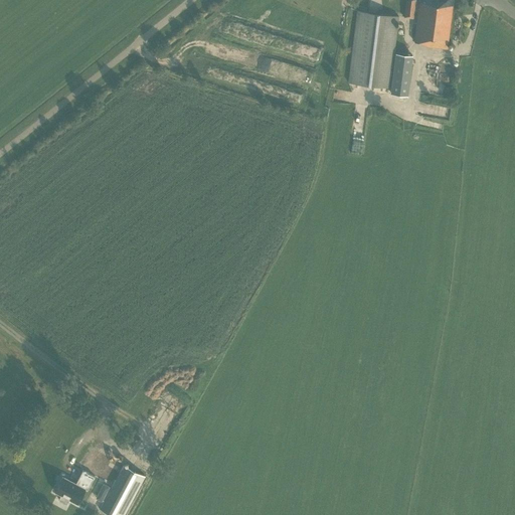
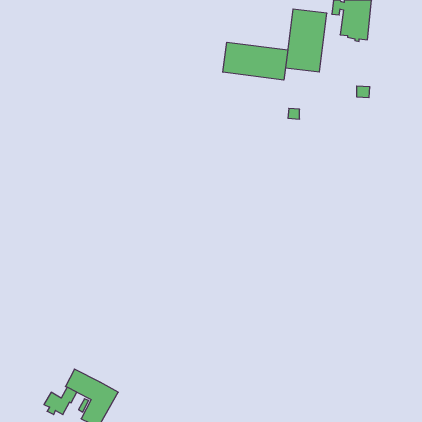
building: none -> [223,42,288,80]
building: [389,54,411,98] -> none

